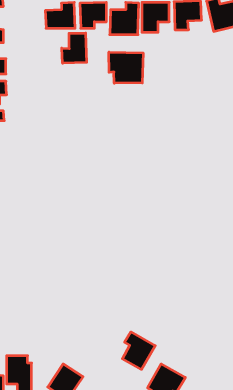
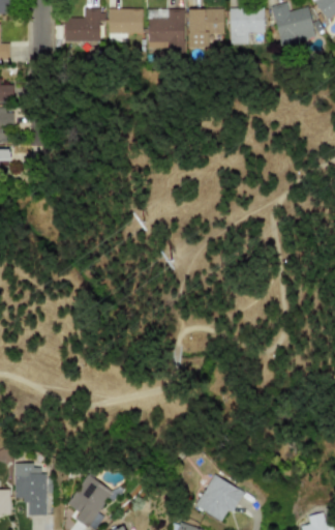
building: [62,33,87,63] -> none
building: [109,52,143,83] -> none
building: [122,332,155,369] -> none

